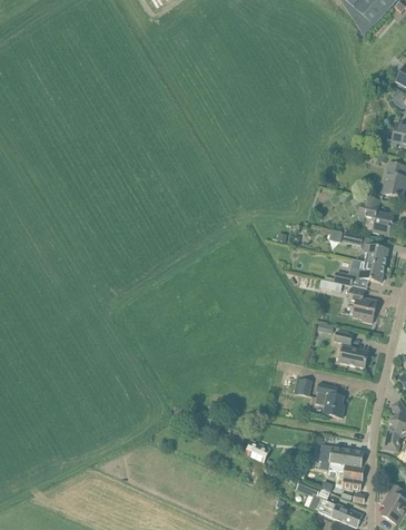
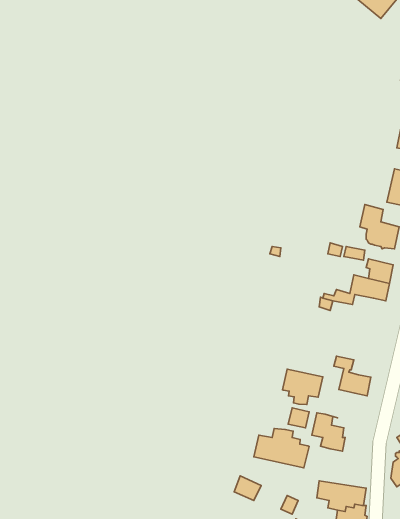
building: [348,288,377,323] -> none
building: none -> [283,369,323,405]
building: none -> [254,428,309,468]

